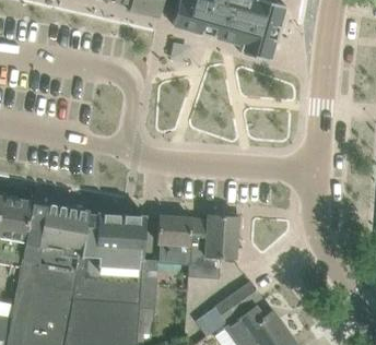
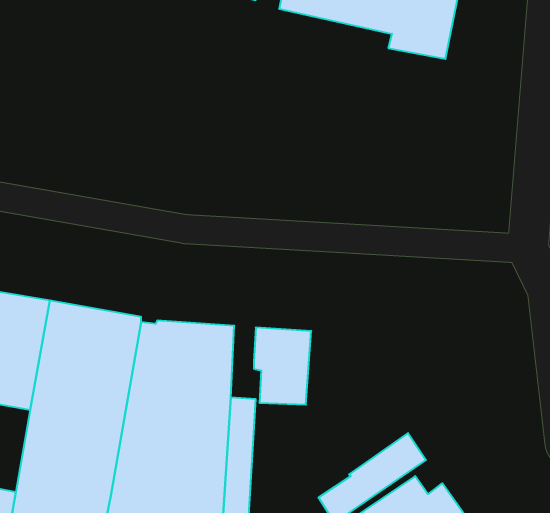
building: [189,215,239,279] -> none

